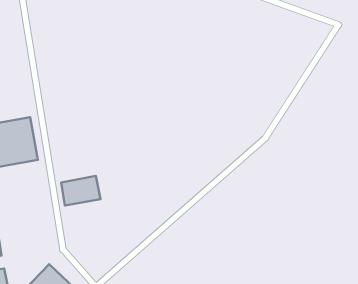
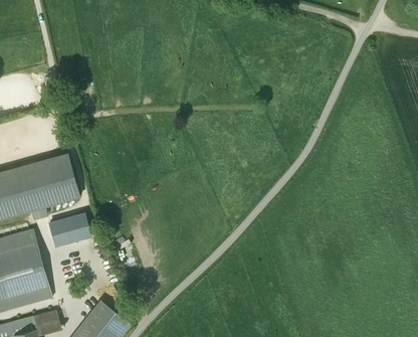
building: [61,176,100,206] -> [49,213,90,246]

